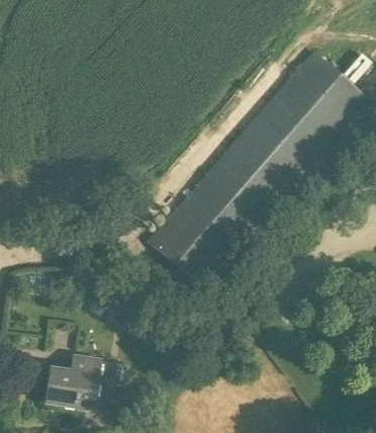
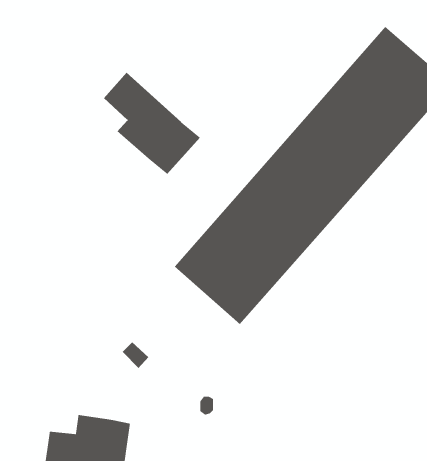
building: none -> [103,72,201,175]

